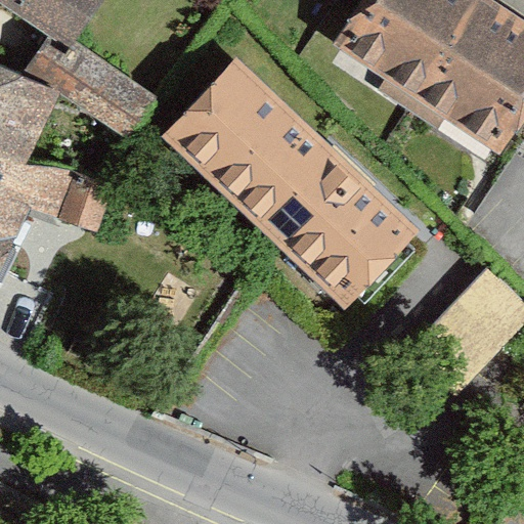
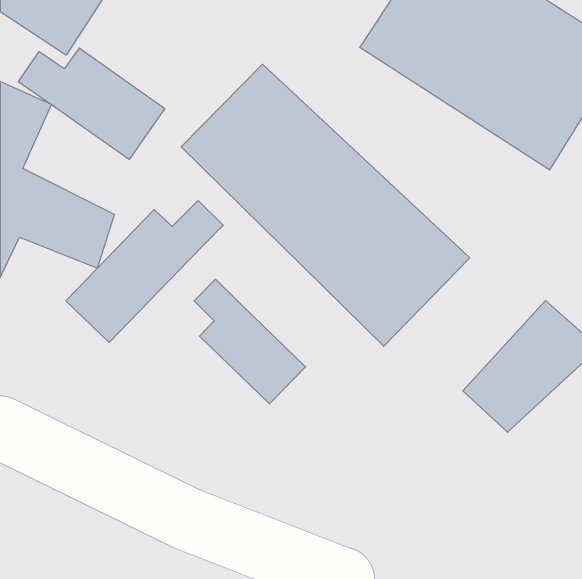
building: none -> [66,201,223,343]
building: none -> [194,279,305,404]

